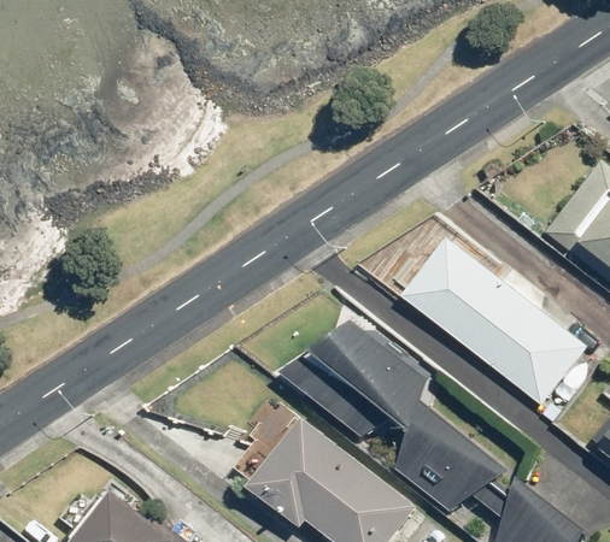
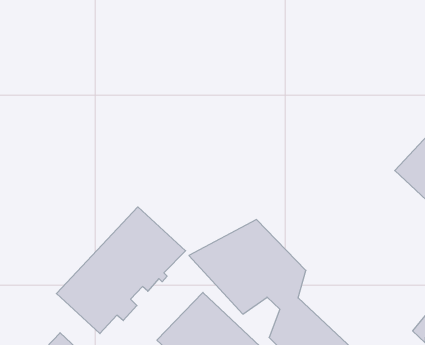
building: [399,236,585,406] -> none
building: none -> [56,207,186,334]

